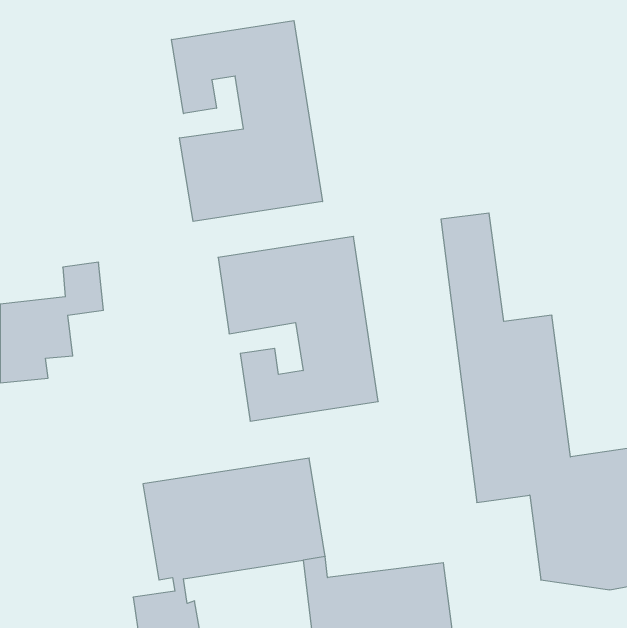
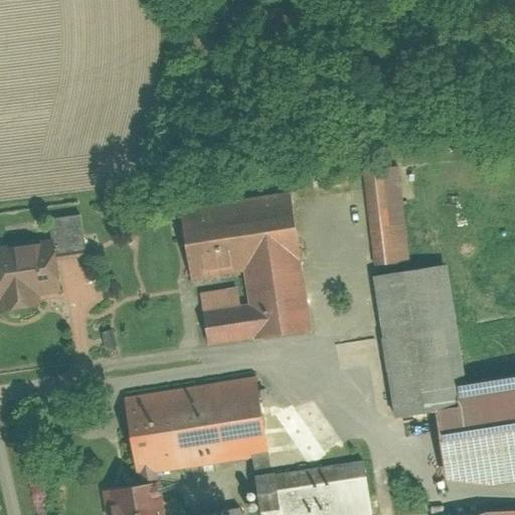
building: [172,21,322,221] -> none

